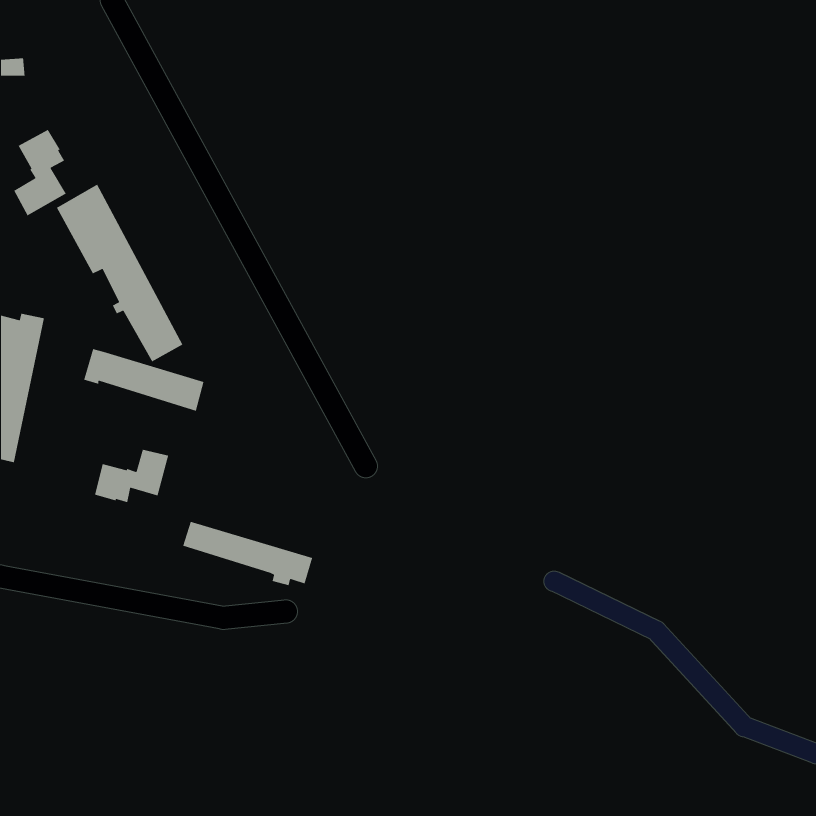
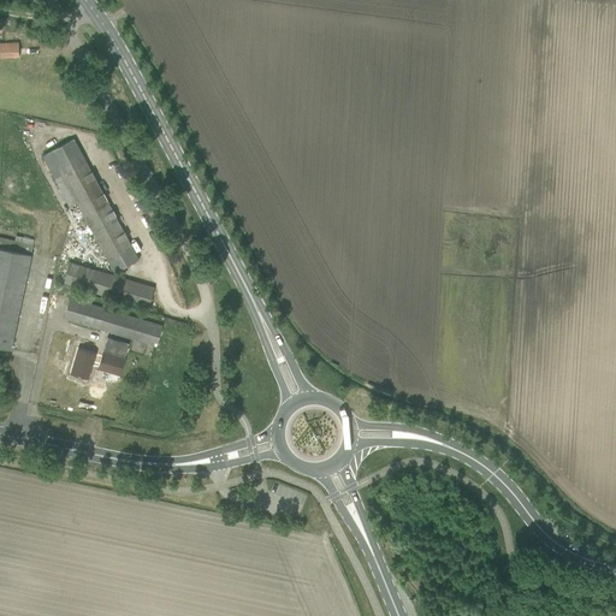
building: [13,129,67,217] -> none
building: [182,521,313,586] -> [64,298,162,348]

